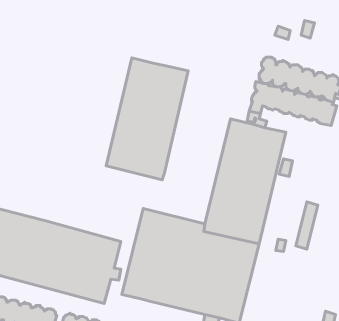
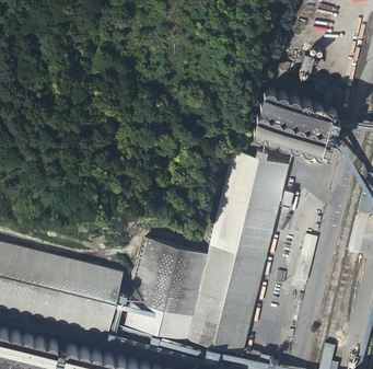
building: [106,58,188,180] -> none

